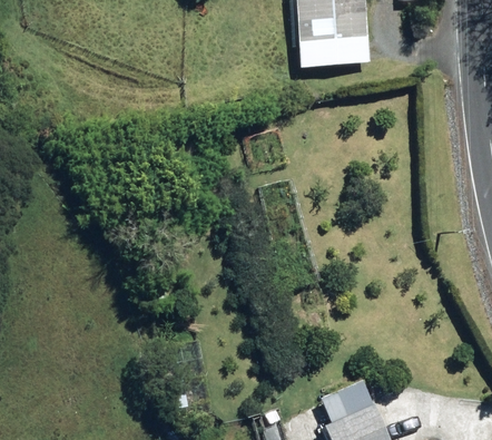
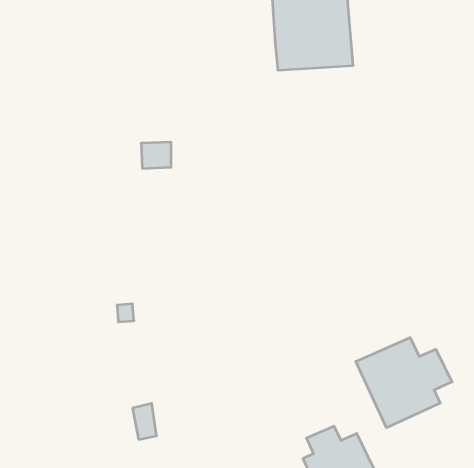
building: none -> [356,338,452,428]

